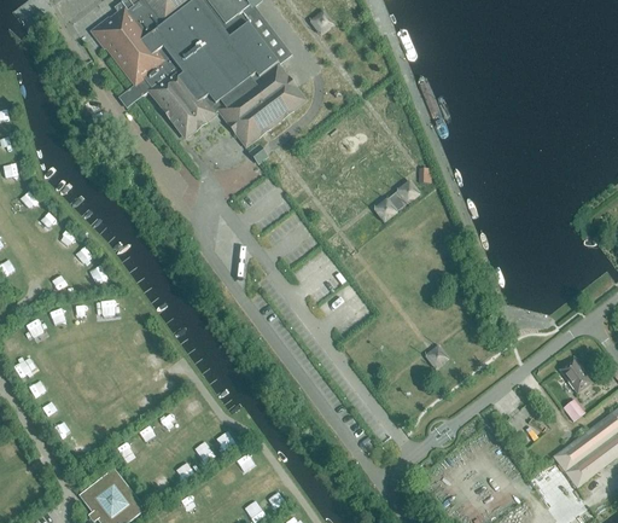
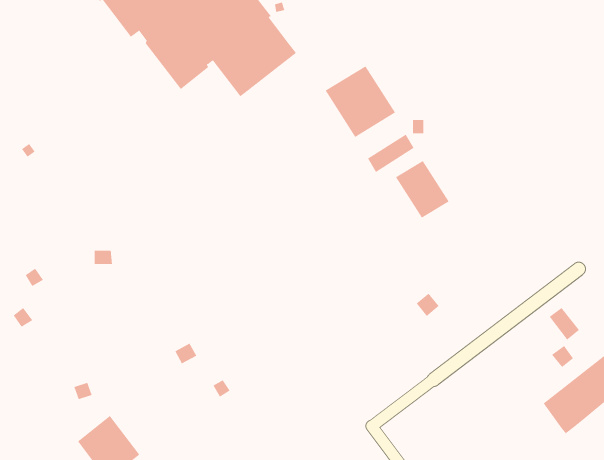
building: none -> [325,65,396,138]
building: none -> [395,160,449,218]

